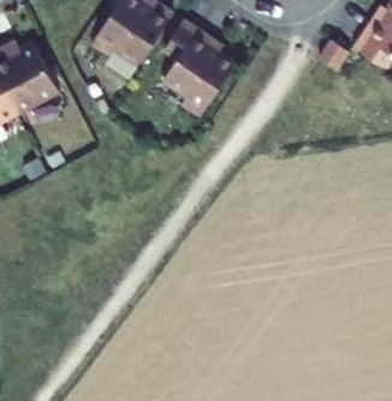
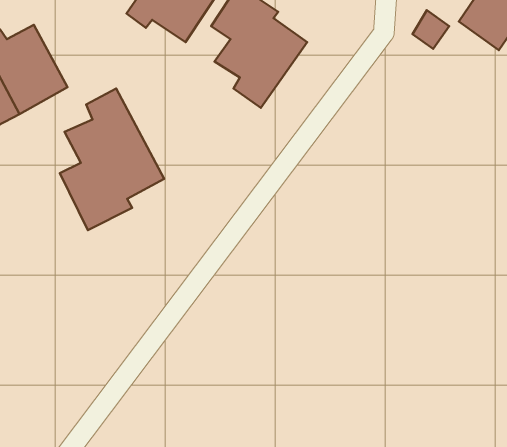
building: none -> [60,88,164,230]

